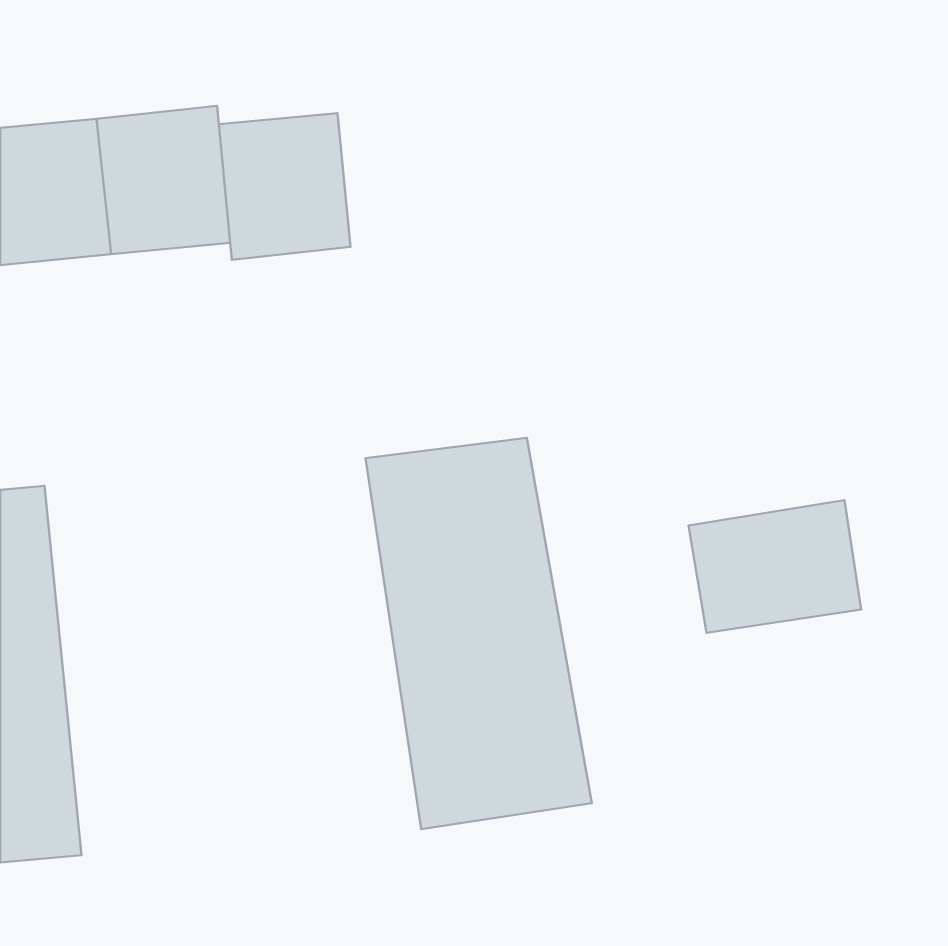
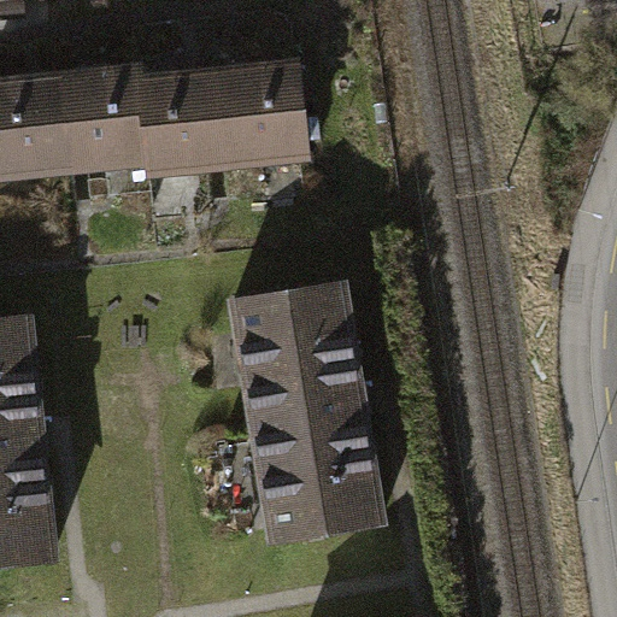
building: none -> [219,66,306,161]
building: [688,500,861,633] -> none

